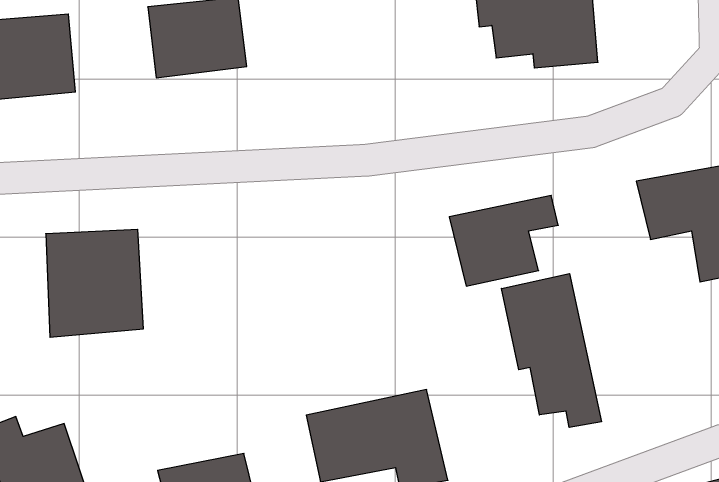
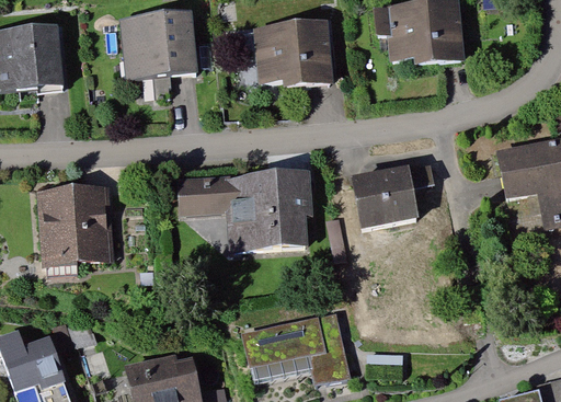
building: none -> [252,18,329,84]
building: none -> [175,173,318,255]
building: [501,274,601,427] -> none

